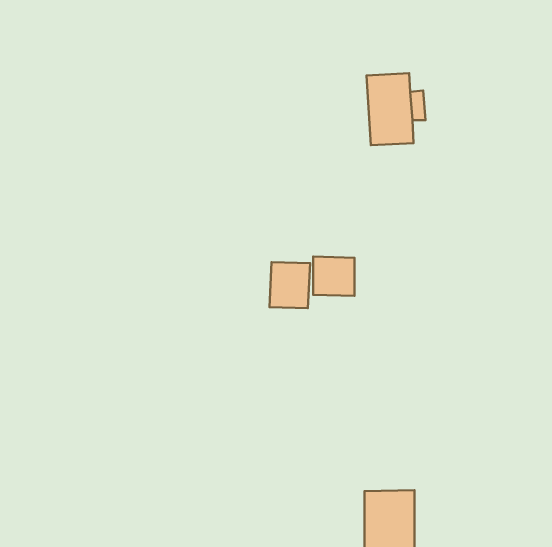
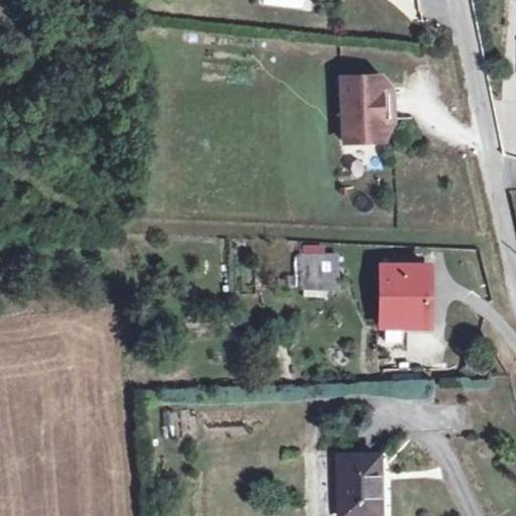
building: [269,262,310,308] -> none
building: none -> [374,262,423,329]

